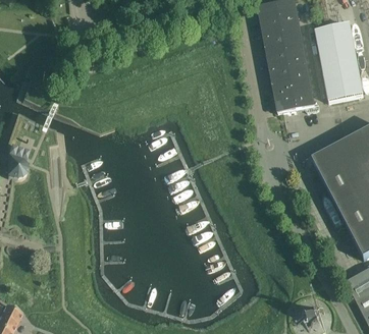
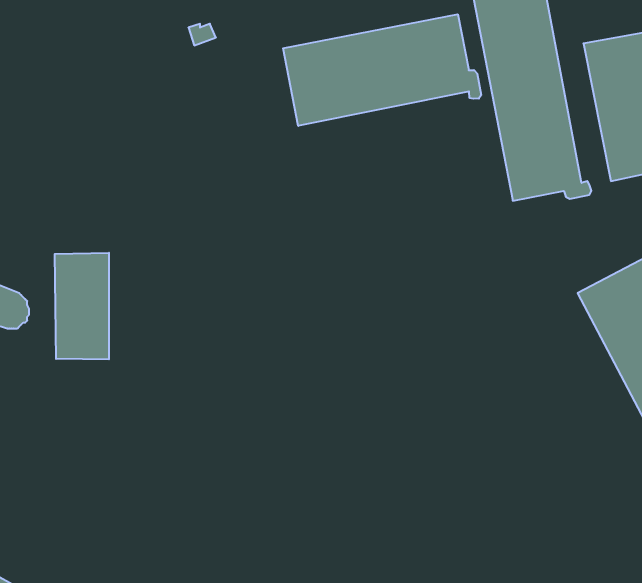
building: none -> [283,14,481,126]
building: none -> [55,253,109,359]

